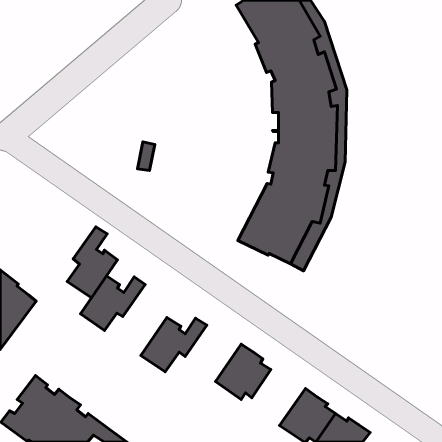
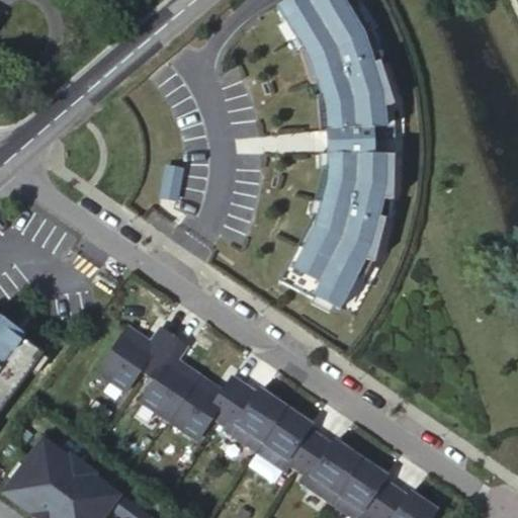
building: [67,227,117,298] -> [137,333,195,416]
building: none -> [217,380,282,446]
building: none -> [294,432,357,498]

